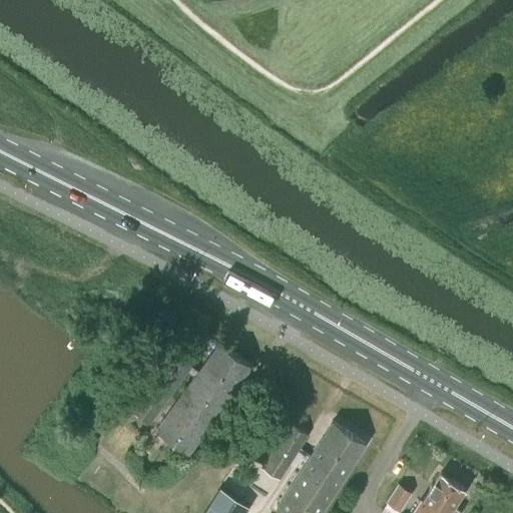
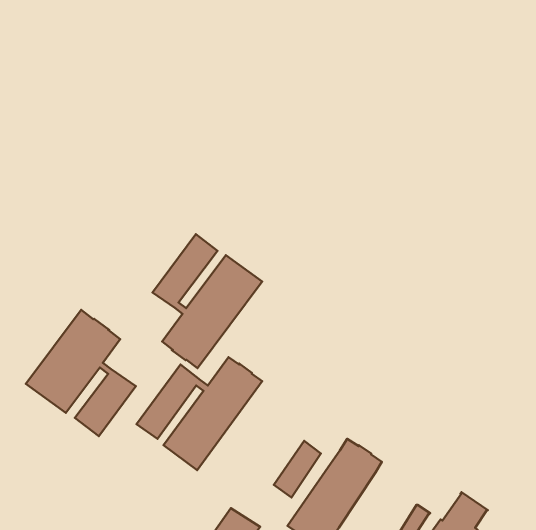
building: none -> [152,234,262,368]
building: none -> [26,310,136,436]

